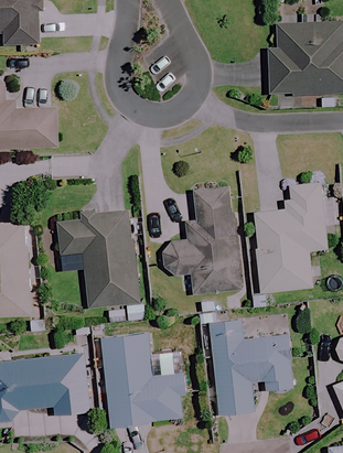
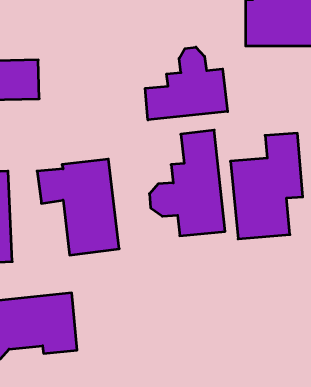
building: none -> [145,47,228,120]
building: [210,321,292,412] -> none
building: [99,332,185,425] -> none

